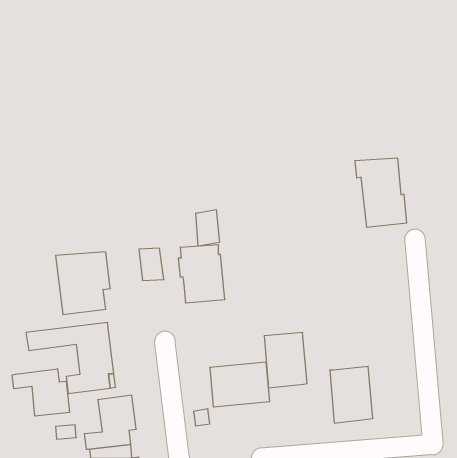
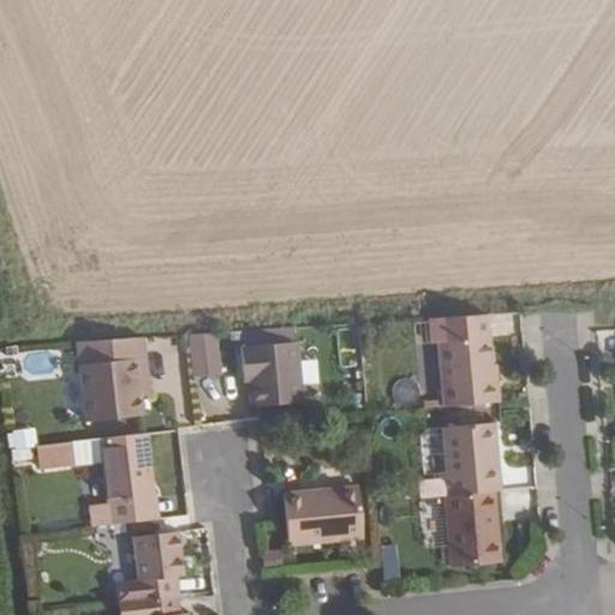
building: [355,158,407,227] -> [429,315,498,407]
building: [196,210,219,246] -> none
building: [264,332,307,388] -> [442,422,500,496]
building: [12,369,69,416] -> none

